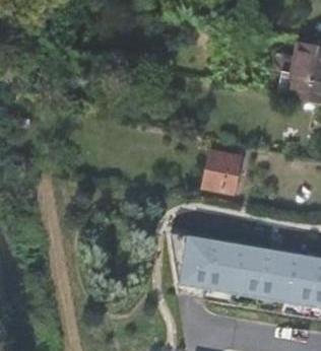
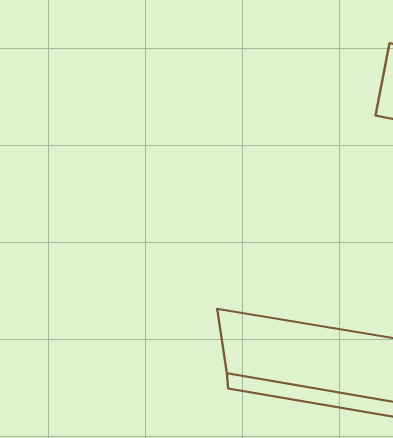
building: [203,147,243,194] -> none

